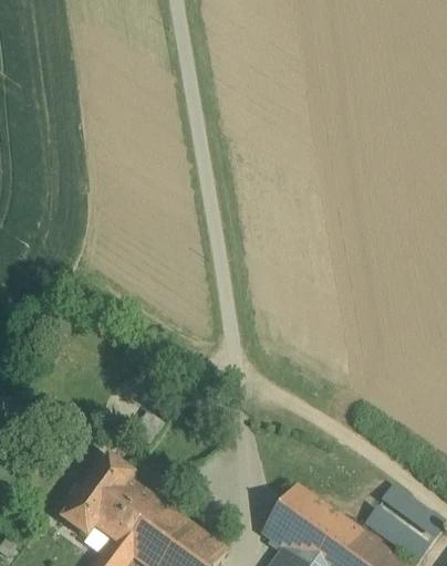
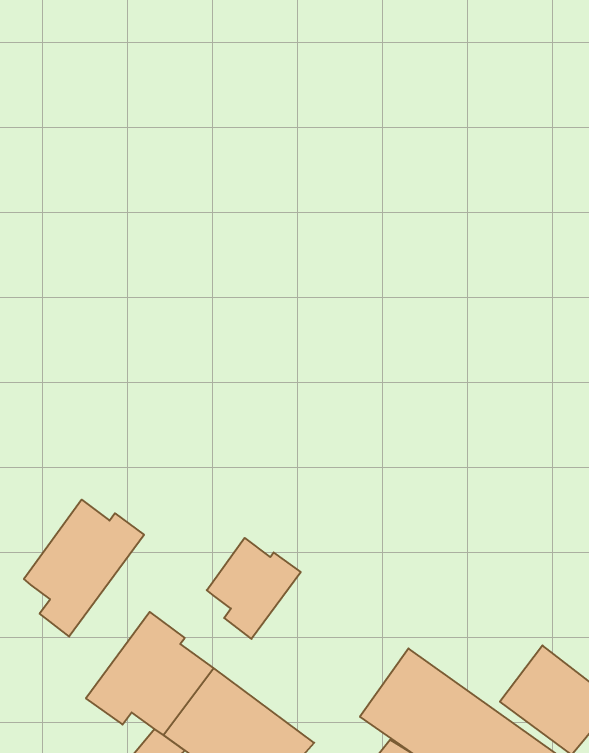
building: none -> [24,500,144,637]
building: none -> [207,538,301,639]

